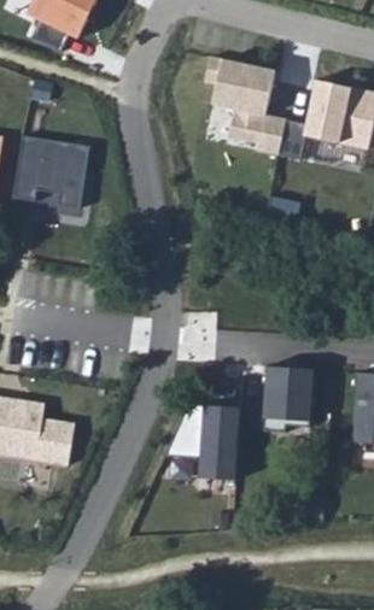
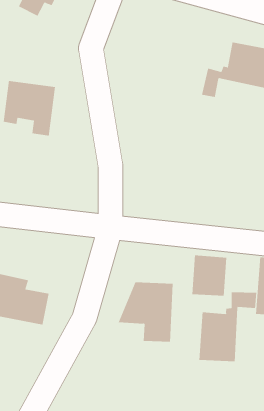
building: [211,55,287,156] -> none
building: none -> [199,292,257,362]

